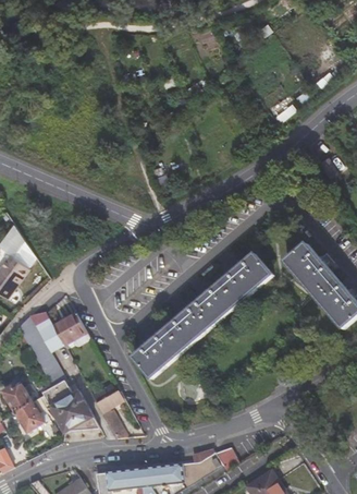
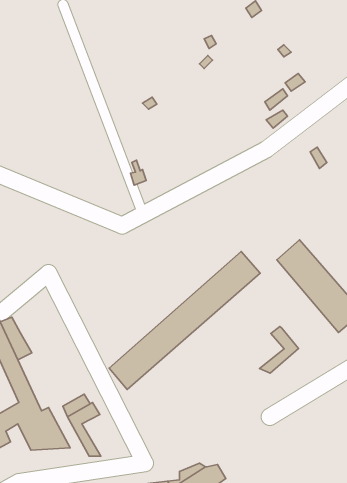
building: [51,312,87,345] -> none
building: none -> [260,326,298,373]

